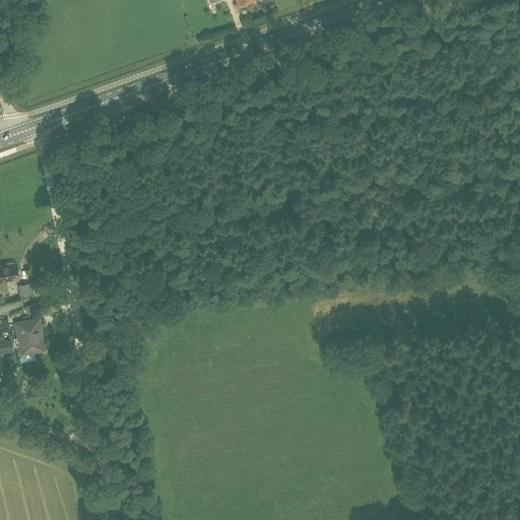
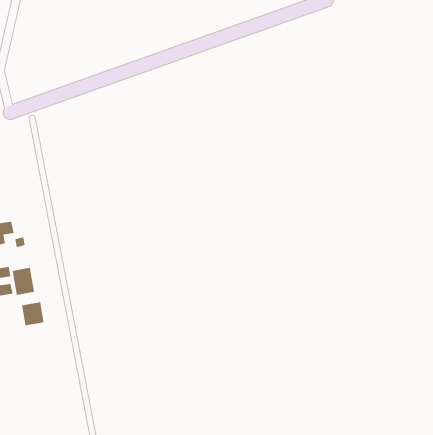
building: none -> [22,302,44,326]

